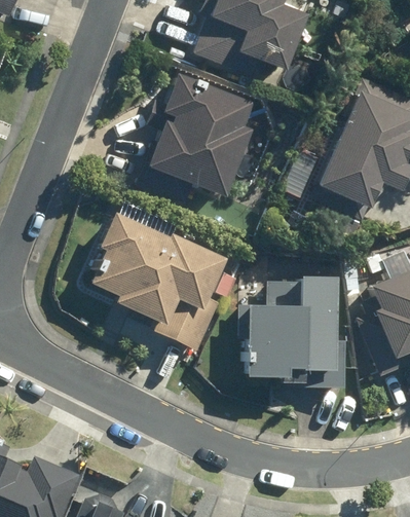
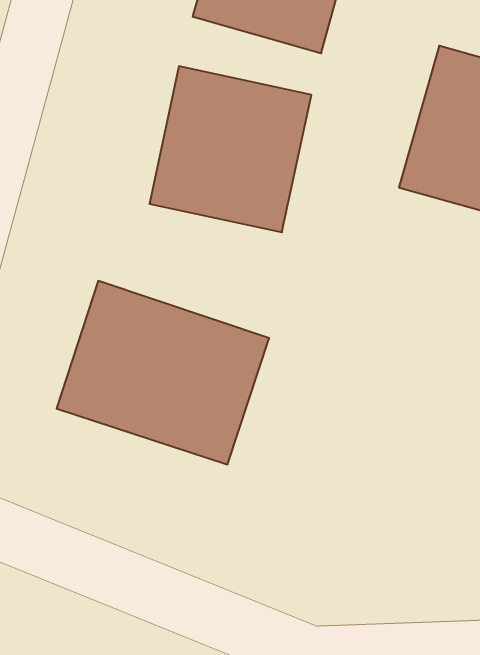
building: [259,276,346,372] -> none

